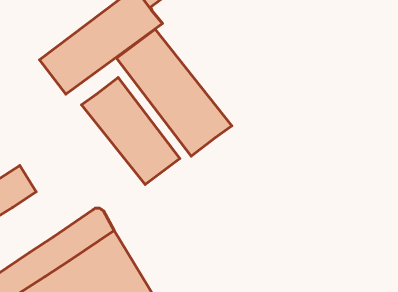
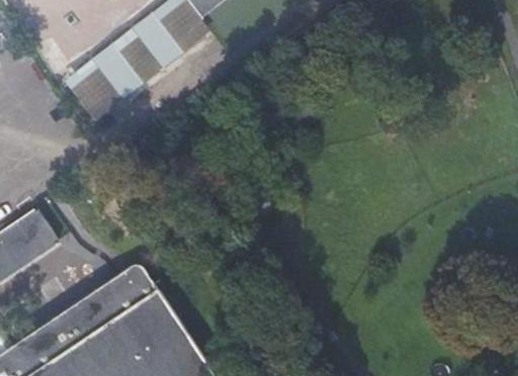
building: [117,29,232,156] -> none
building: [82,77,180,185] -> none

